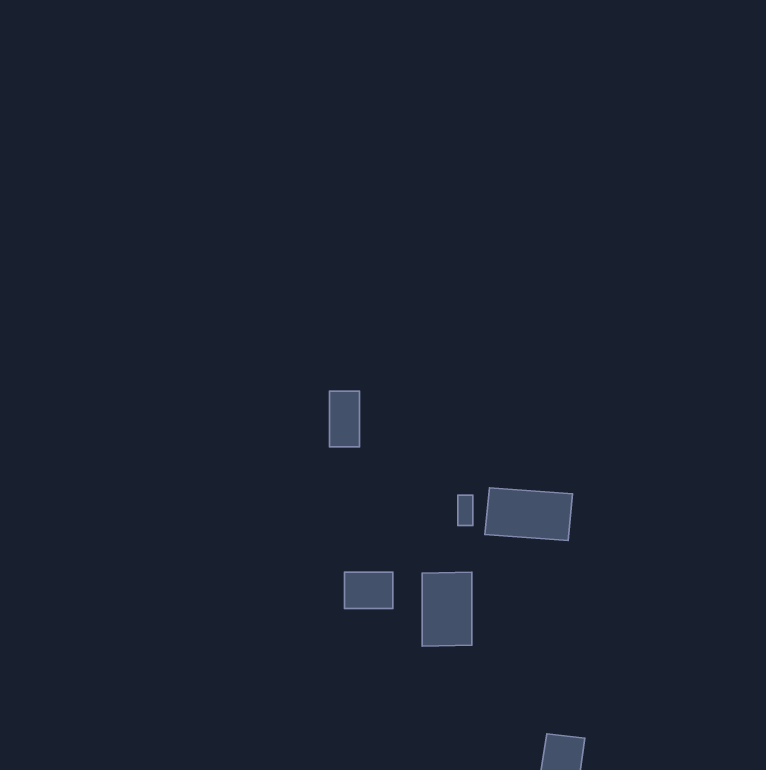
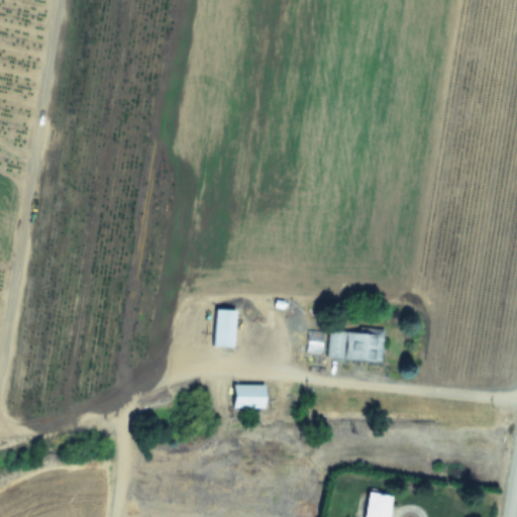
building: [329,391,360,447] -> [217,309,237,346]
building: [422,572,472,646] -> none

